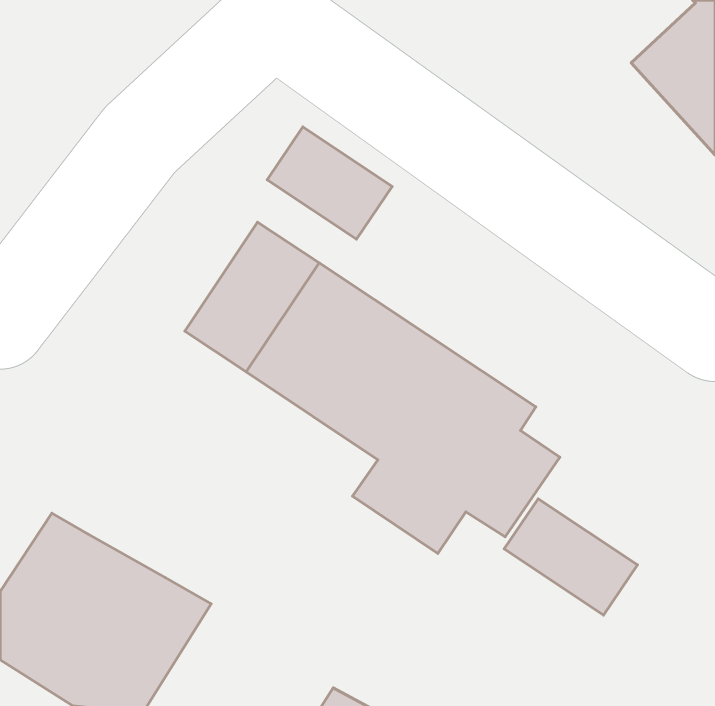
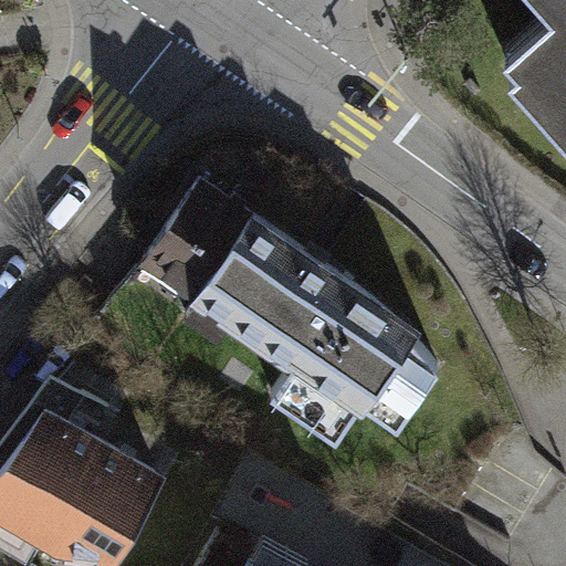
building: [267,127,392,239] -> none
building: [504,499,637,615] -> none

